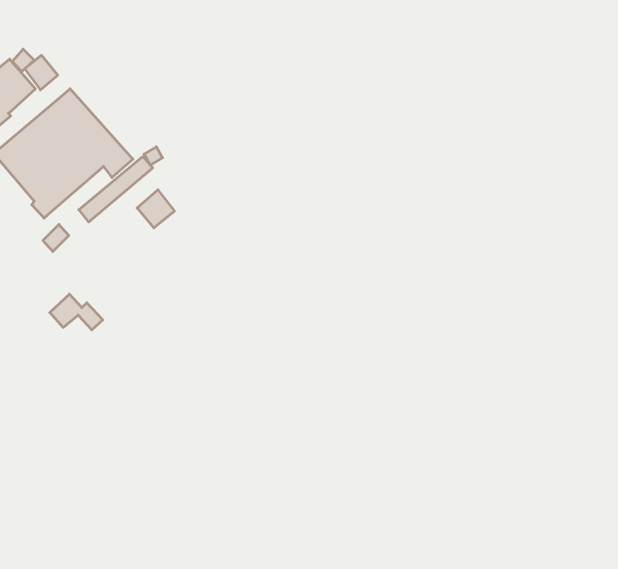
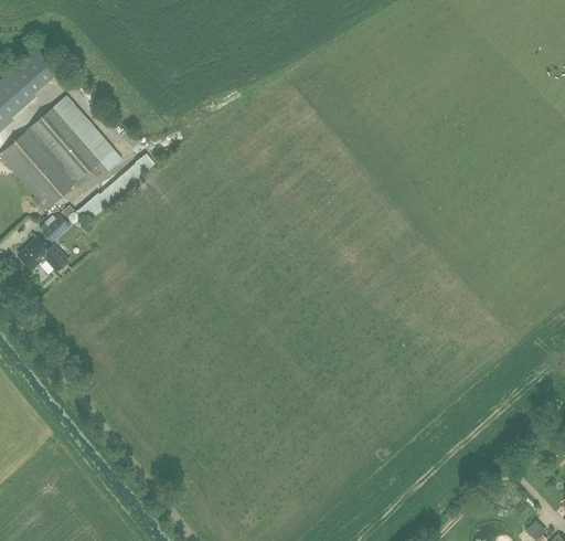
building: [137,190,174,228] -> none
building: [50,294,103,330] -> [19,237,66,269]

